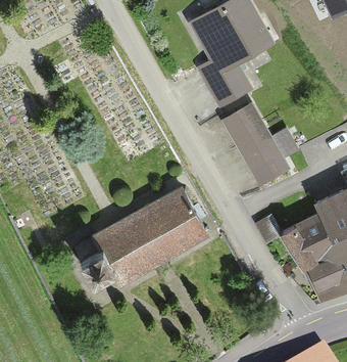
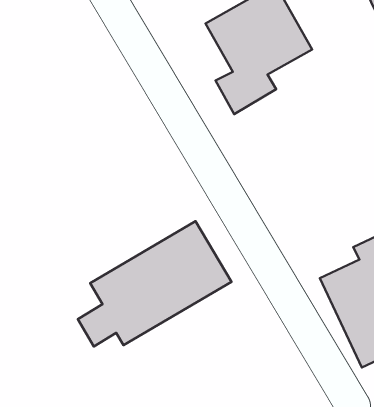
building: [224,103,285,174] -> none

